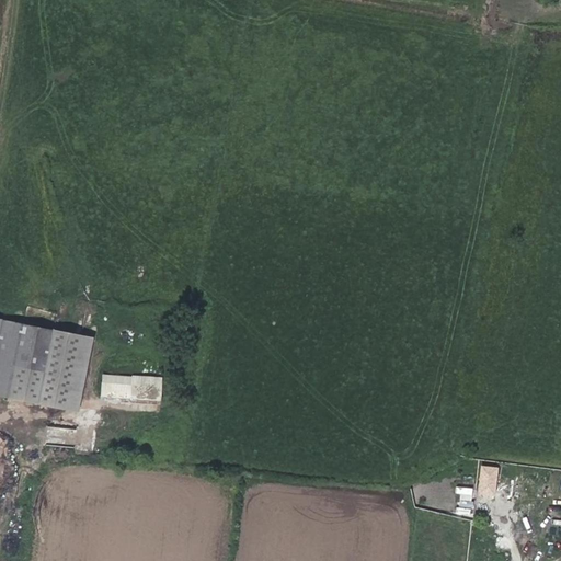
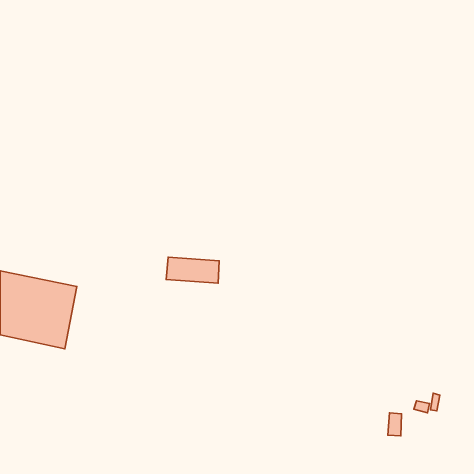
building: [101,373,163,403] -> [166,257,219,283]

